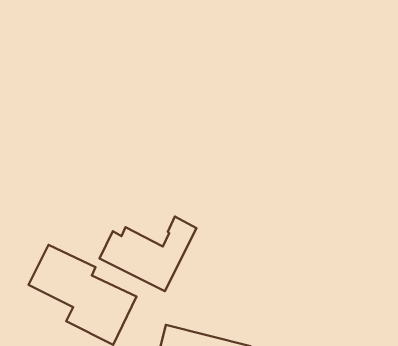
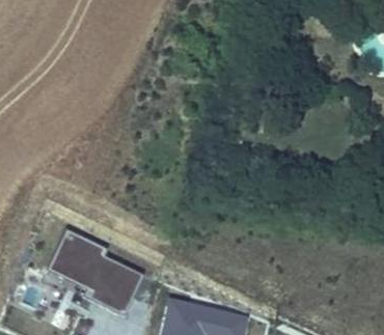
building: [99,217,197,291] -> none

